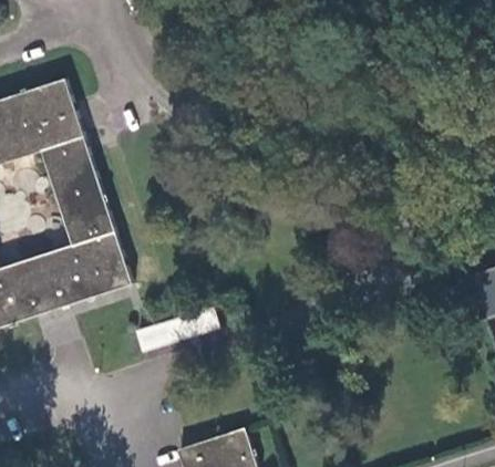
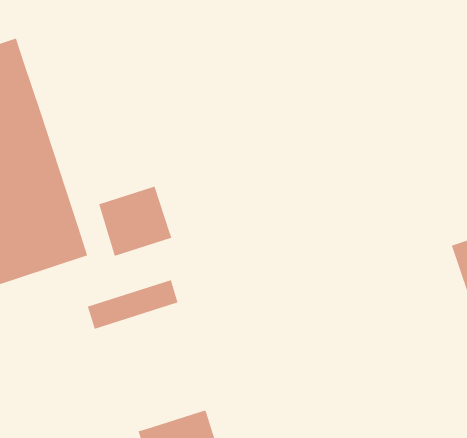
building: none -> [98,186,173,257]

